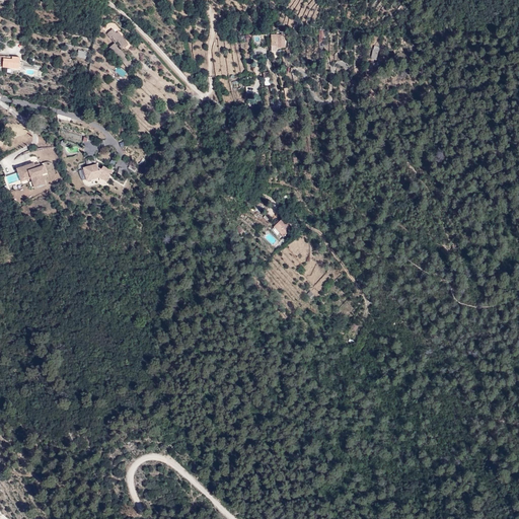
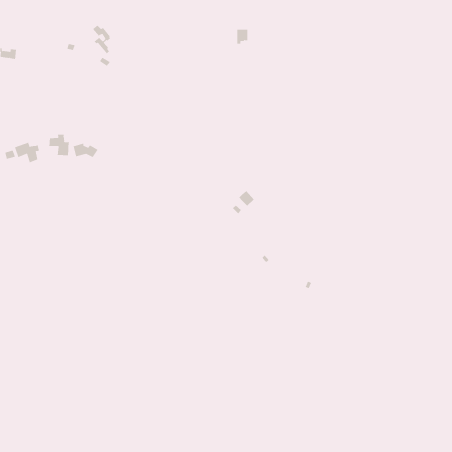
building: none -> [49,134,69,156]

